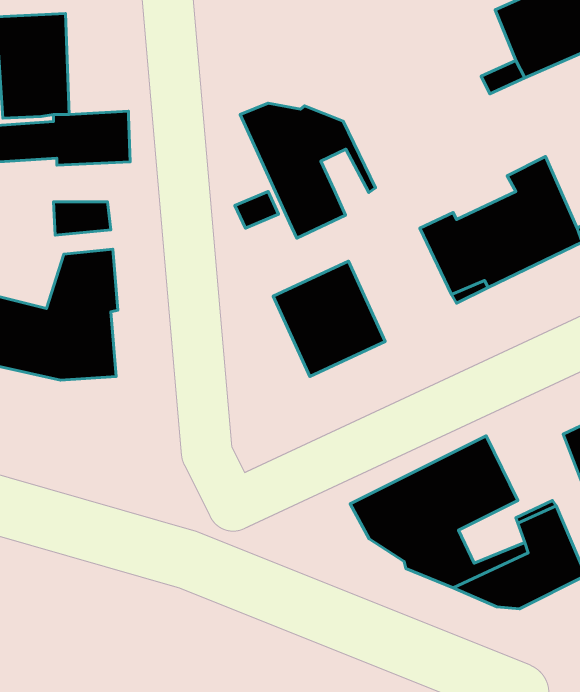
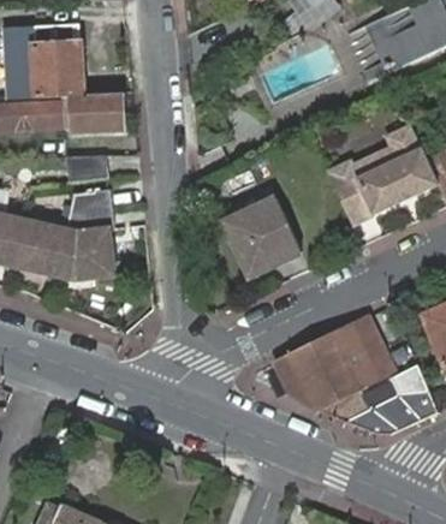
building: [240,103,376,238] -> none

